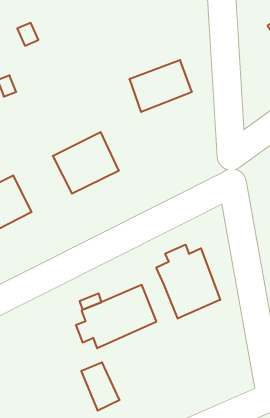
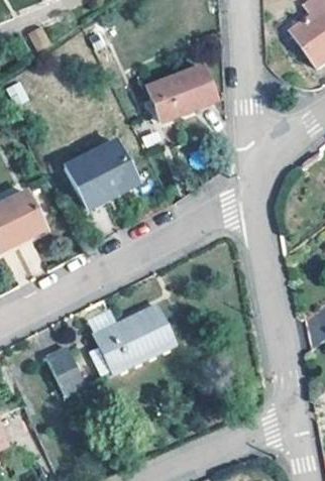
building: [157,245,220,319] -> none
building: [81,362,120,410] -> [45,341,86,391]

